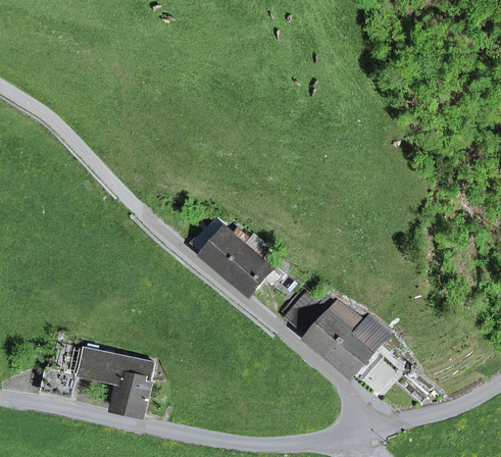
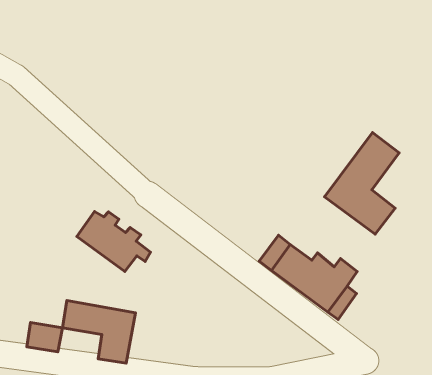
building: none -> [325,133,399,234]
building: [201,230,275,293] -> [77,211,151,272]

